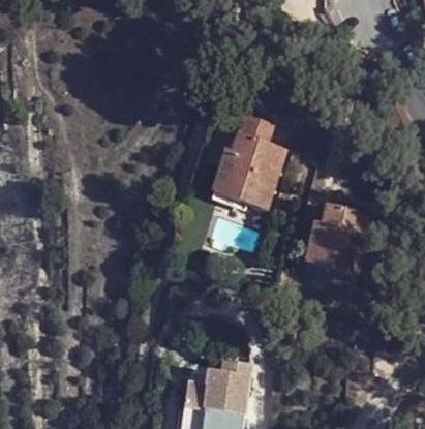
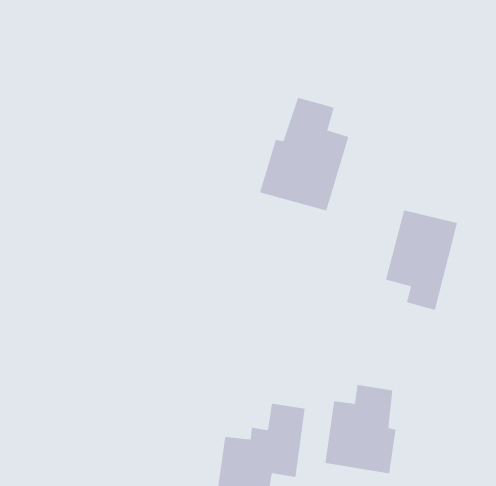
building: none -> [325,384,396,474]

